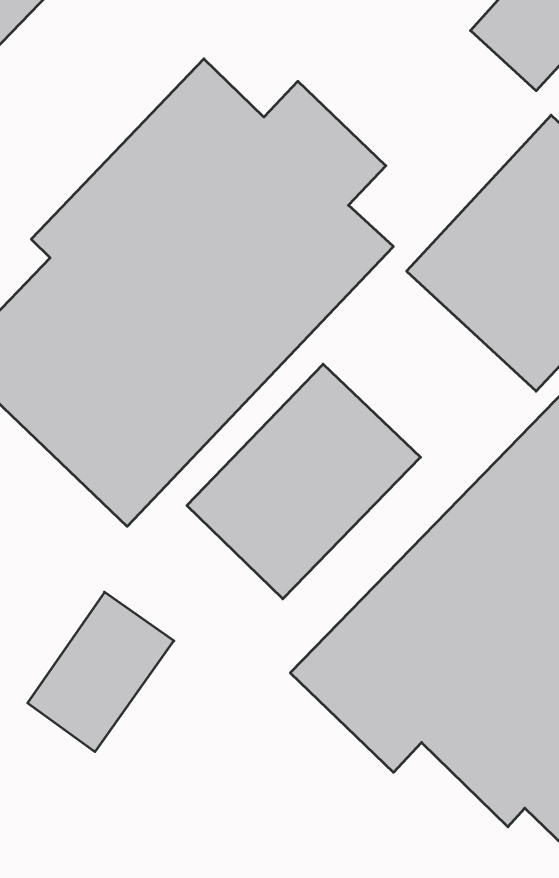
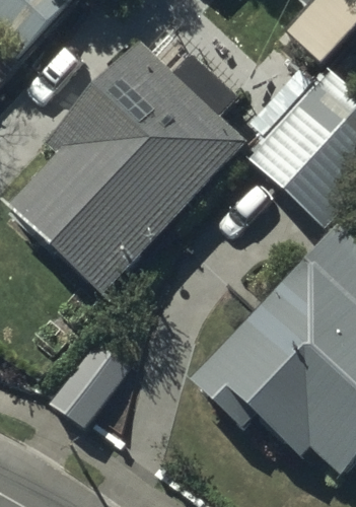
building: [187,364,421,599] -> none

